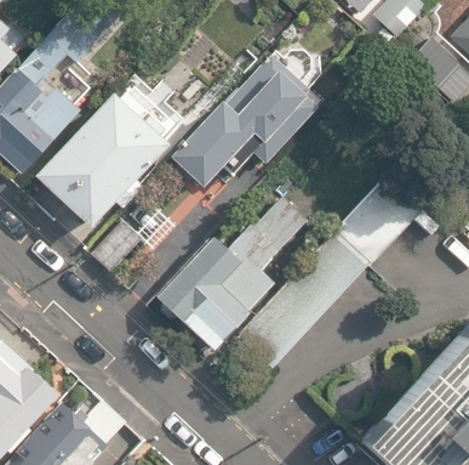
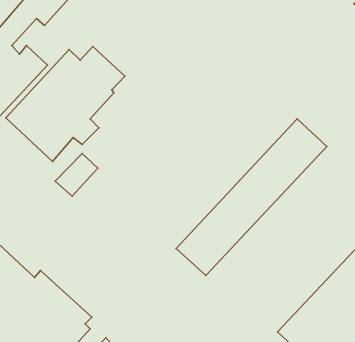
building: [166,57,313,189] -> none
building: [154,195,308,353] -> none

